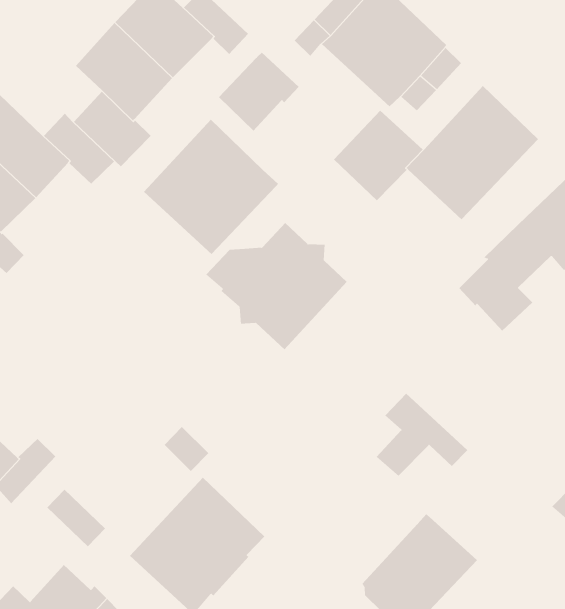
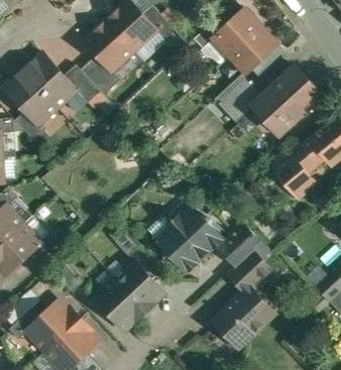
building: [218,52,299,132] -> none
building: [143,119,279,255] -> none
building: [206,222,347,350] -> [148,206,222,272]
building: none -> [228,251,270,291]

